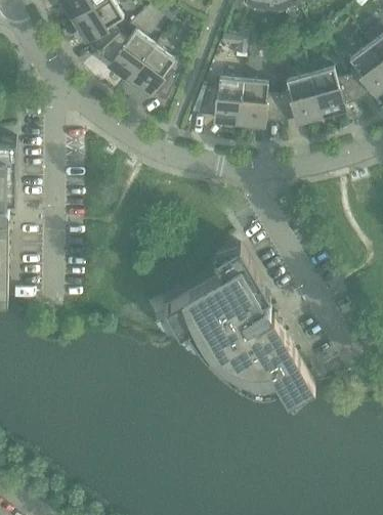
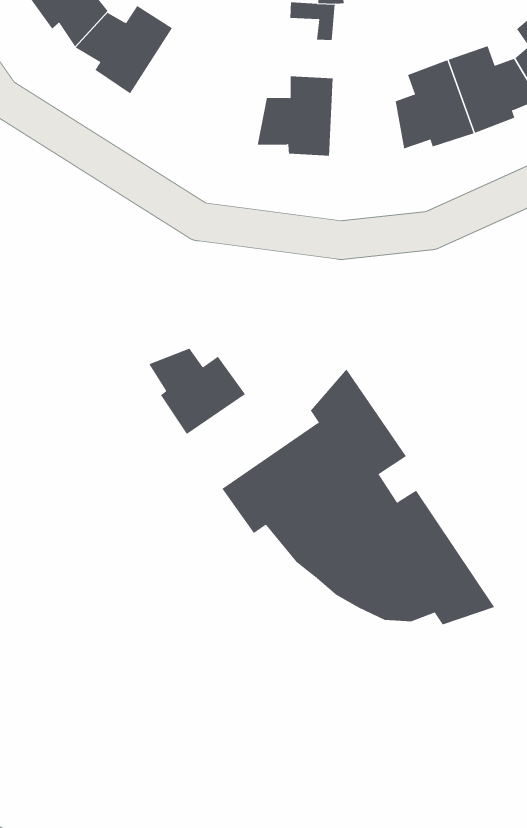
building: [127,45,176,101] -> none
building: [238,80,280,126] -> none
building: none -> [148,348,246,435]

